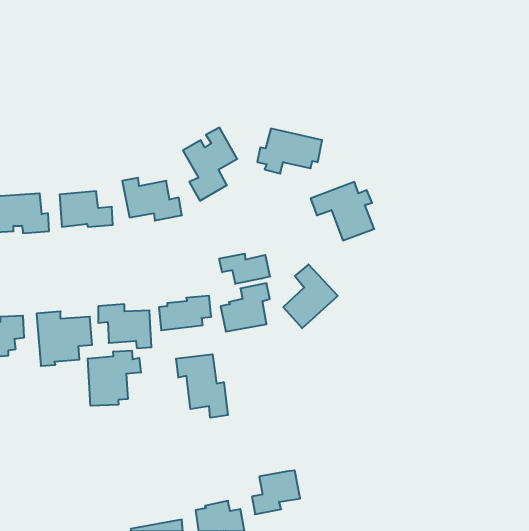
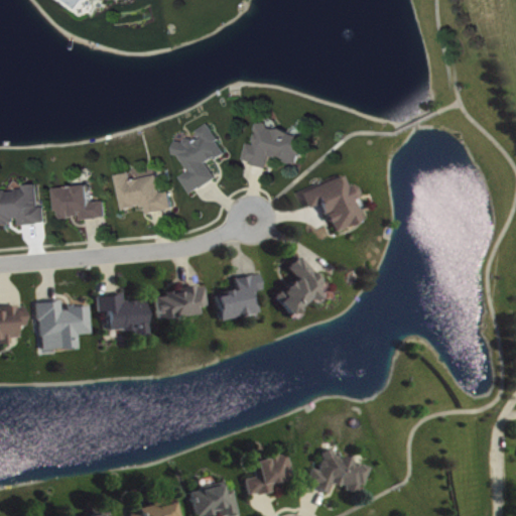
building: [219,254,270,284] -> none
building: [88,351,141,406] -> none
building: [176,354,228,418] -> none
building: none -> [301,449,368,492]

